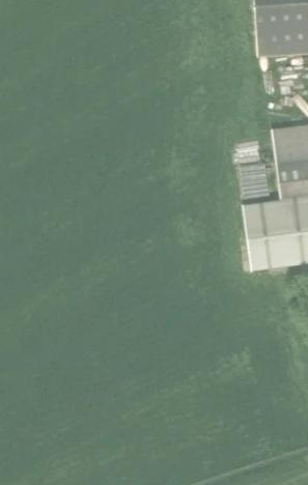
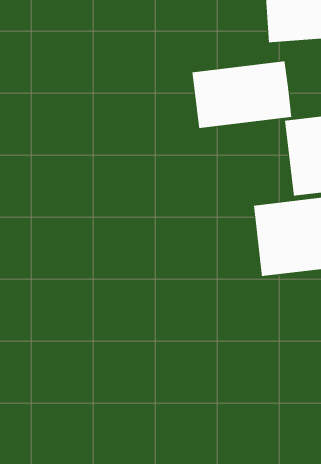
building: none -> [192,61,292,129]

